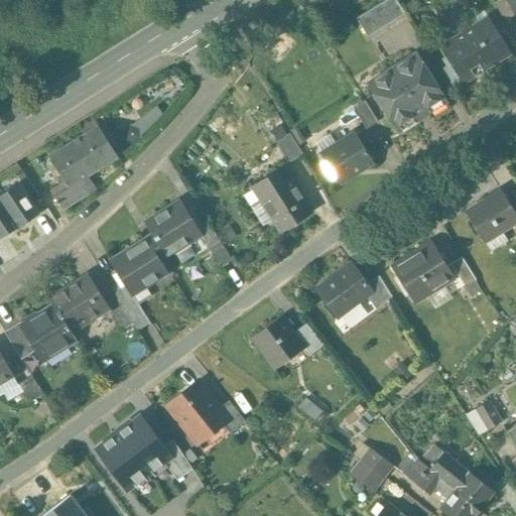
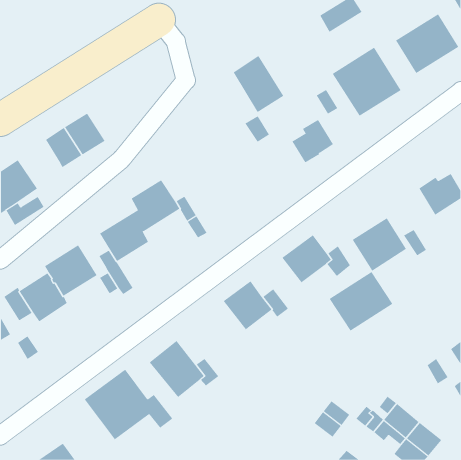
building: [253,166,310,231] -> [233,55,284,113]
building: [52,175,96,209] -> [6,196,44,226]
building: none -> [329,271,393,332]

